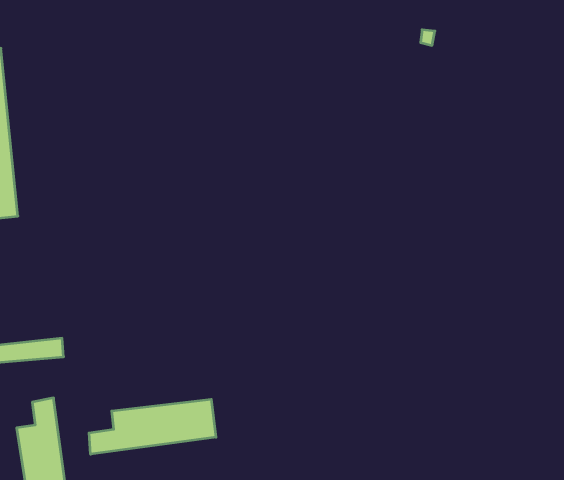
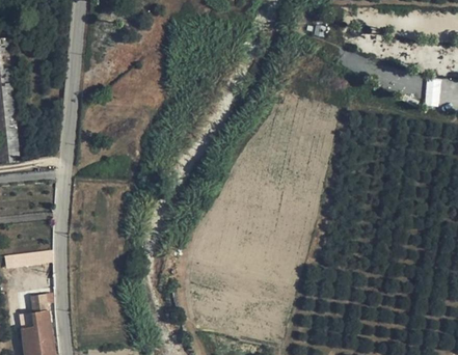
building: [89,399,216,454] -> none

